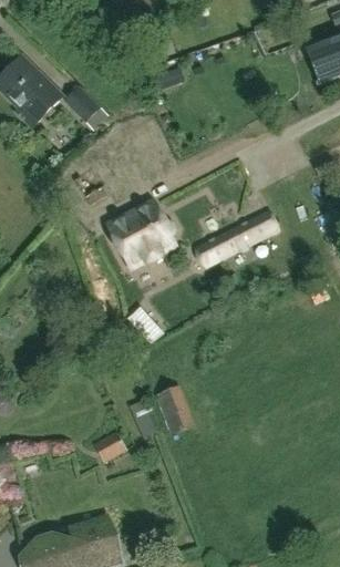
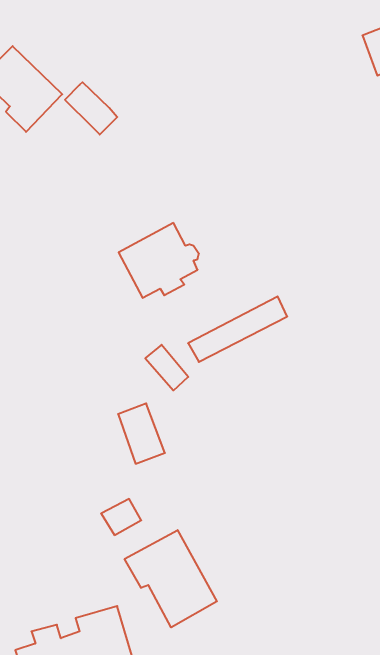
building: [195,209,277,264] -> [188,296,287,362]
building: [156,385,195,435] -> [118,403,165,464]
building: none -> [125,530,217,627]

